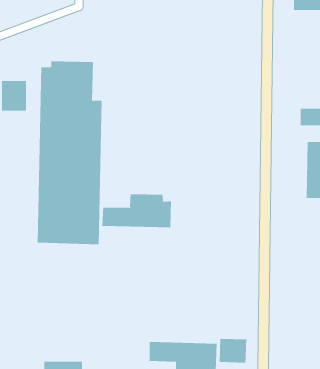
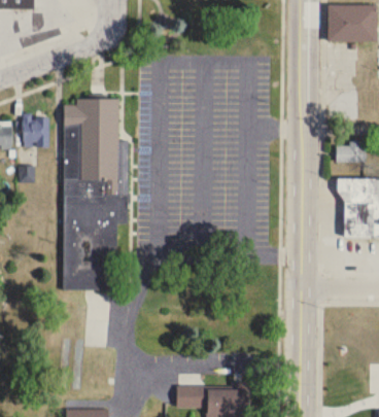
building: [102,193,171,228] -> none
building: [219,338,247,363] -> none

